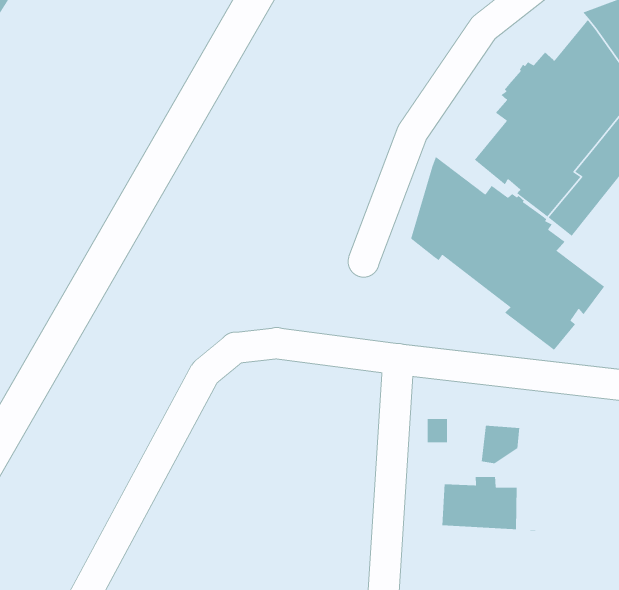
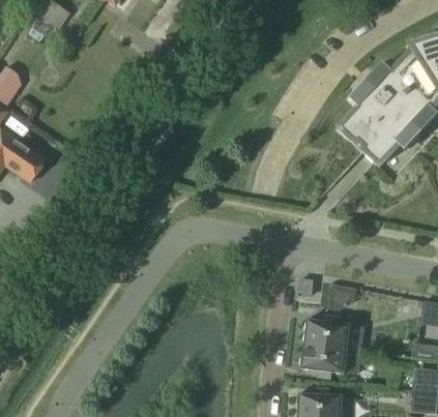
building: [410,156,605,351] -> none
building: none -> [300,342,359,377]

